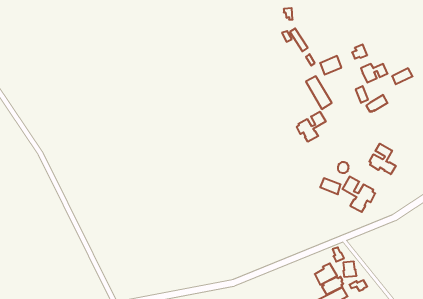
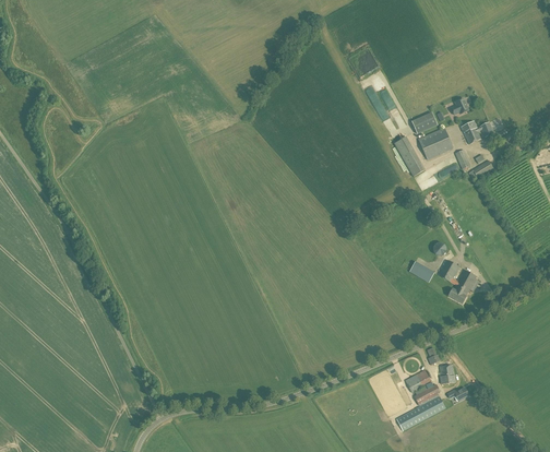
building: none -> [417,127,453,159]
building: [297,112,326,142] -> none
building: [369,144,396,174] -> none

